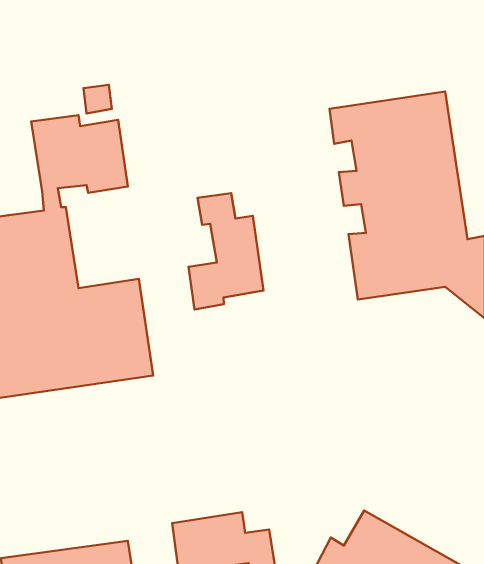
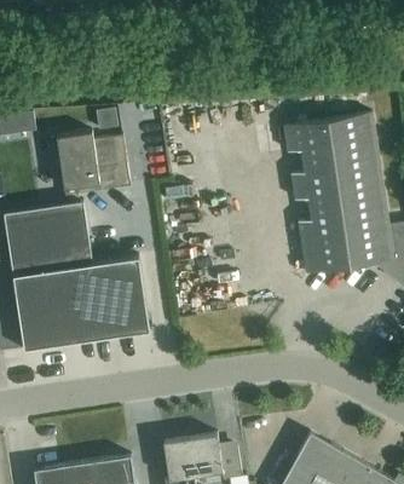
building: [189,193,263,309] -> none

